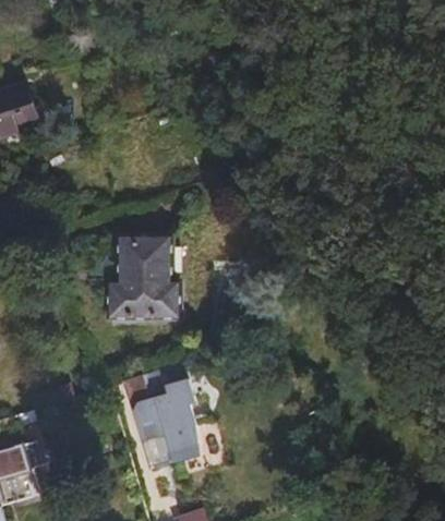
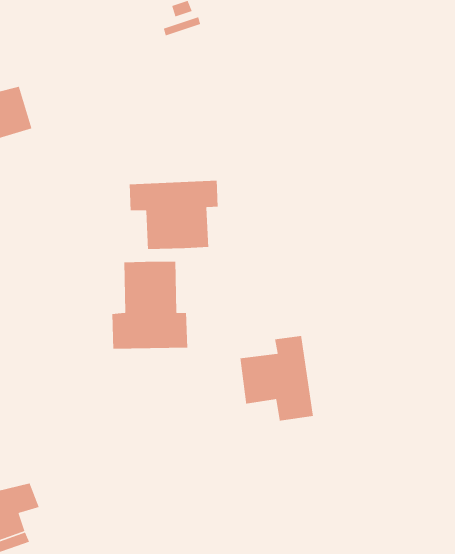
building: none -> [129,180,219,250]
building: [136,375,204,453] -> [240,335,314,421]

